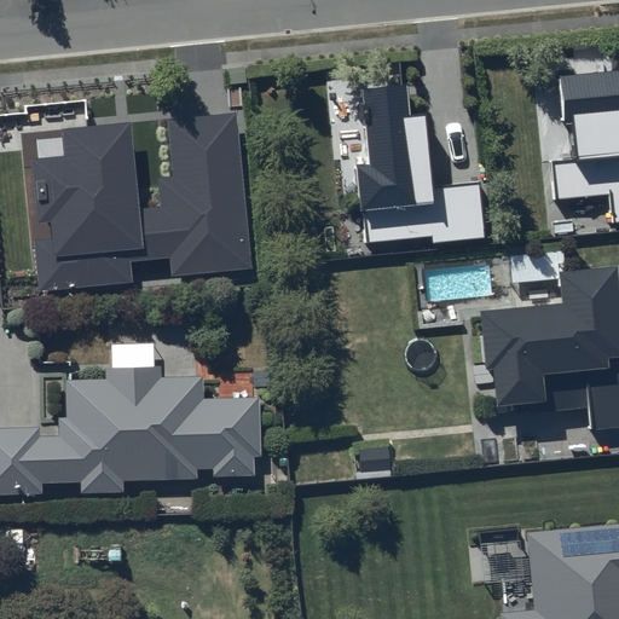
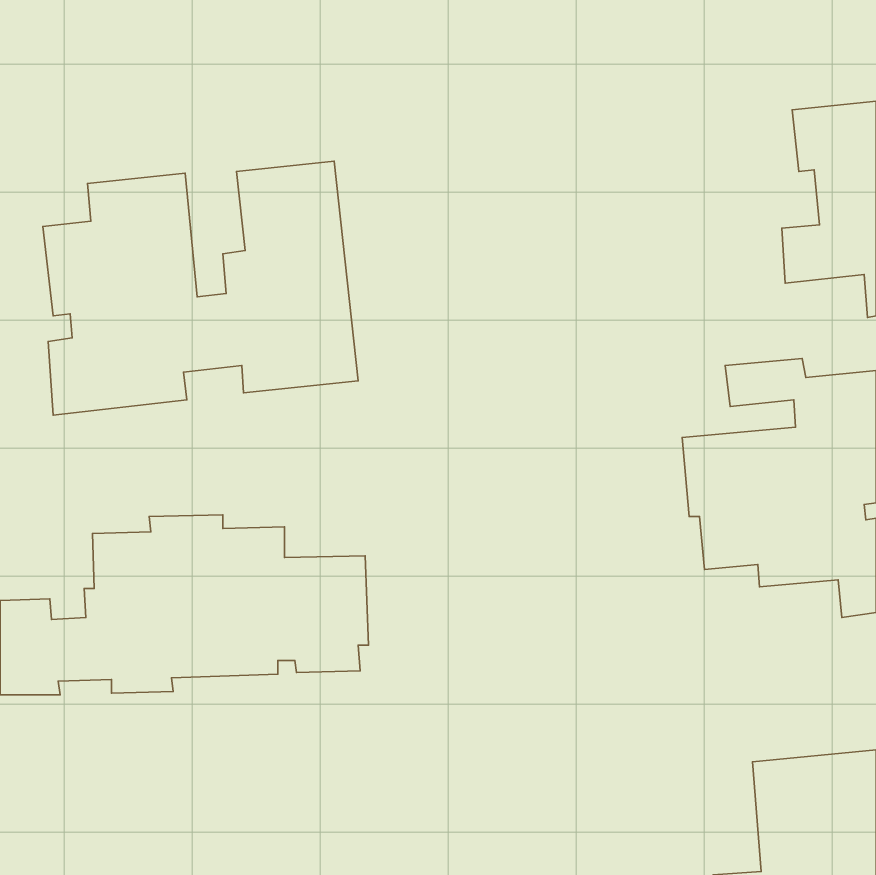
building: [357,86,486,244] -> none

